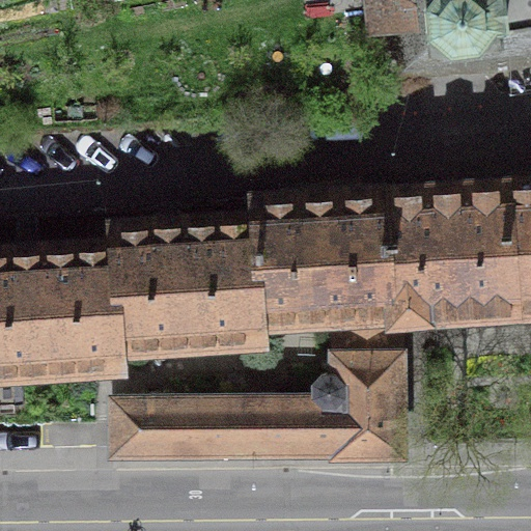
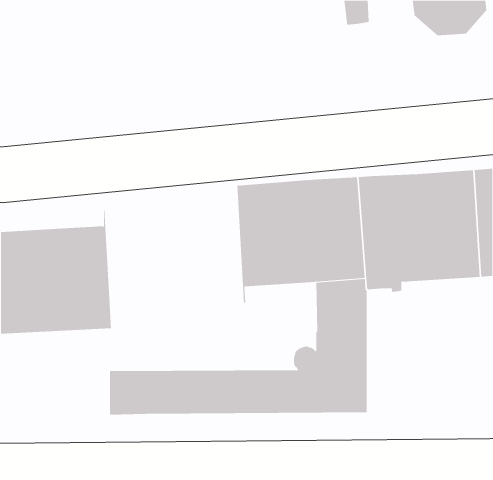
building: [113,214,261,367] -> none

